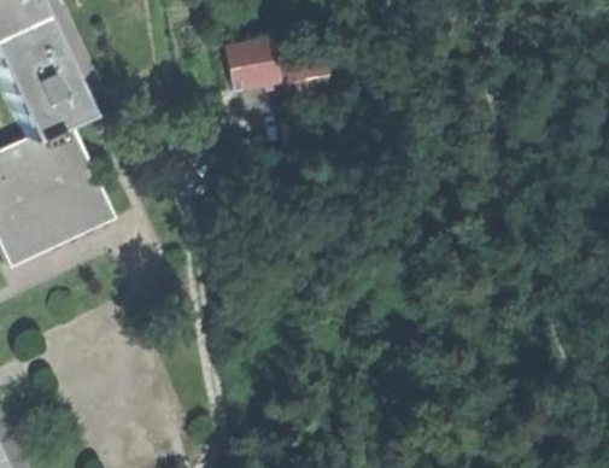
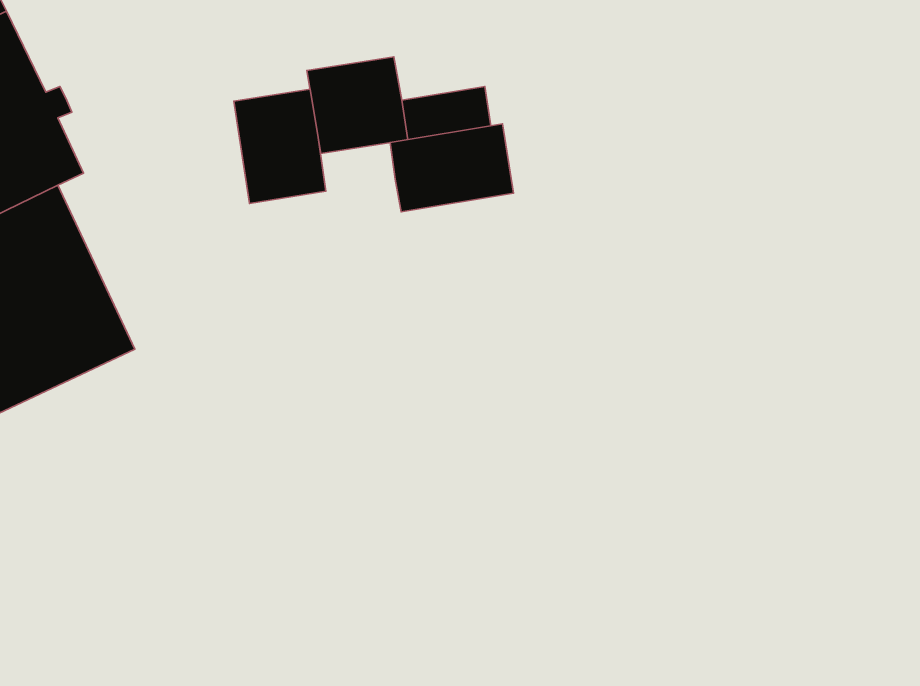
building: none -> [234,89,326,203]
building: none -> [390,124,513,212]

